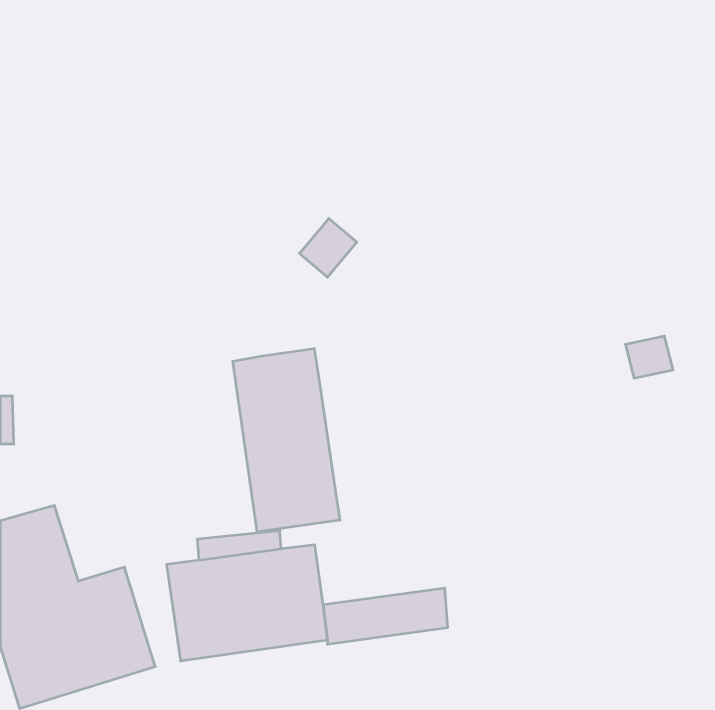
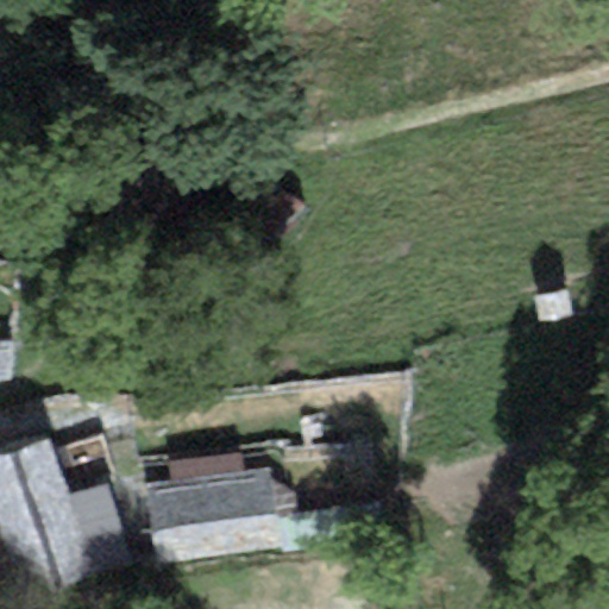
building: [233,348,340,532] -> none

